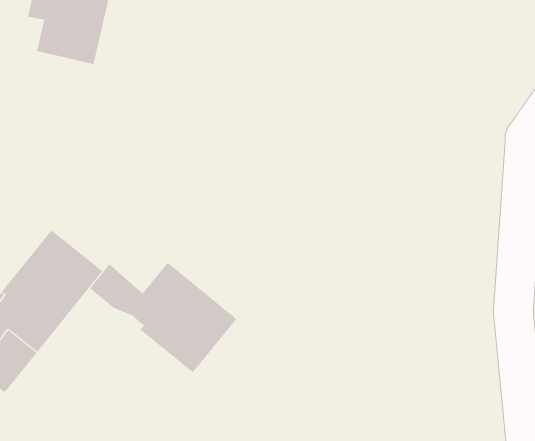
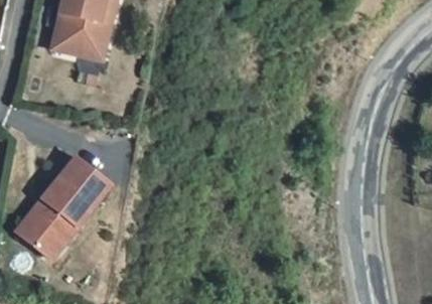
building: none -> [52,12,106,59]
building: [89,262,237,373] -> none

